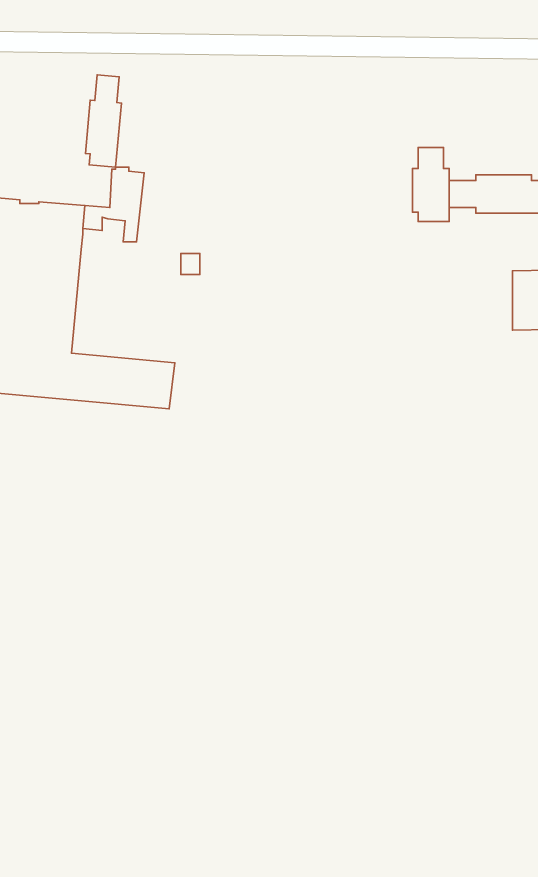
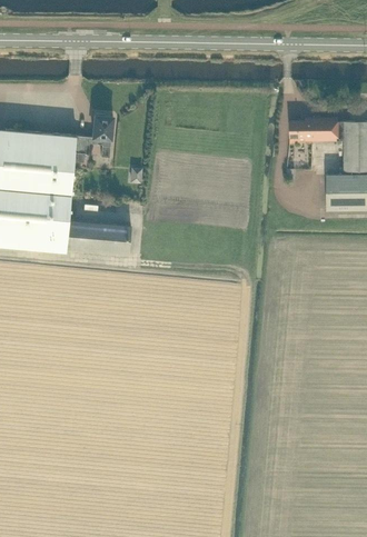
building: [85,75,121,167] -> none
building: [413,148,449,221] -> none

